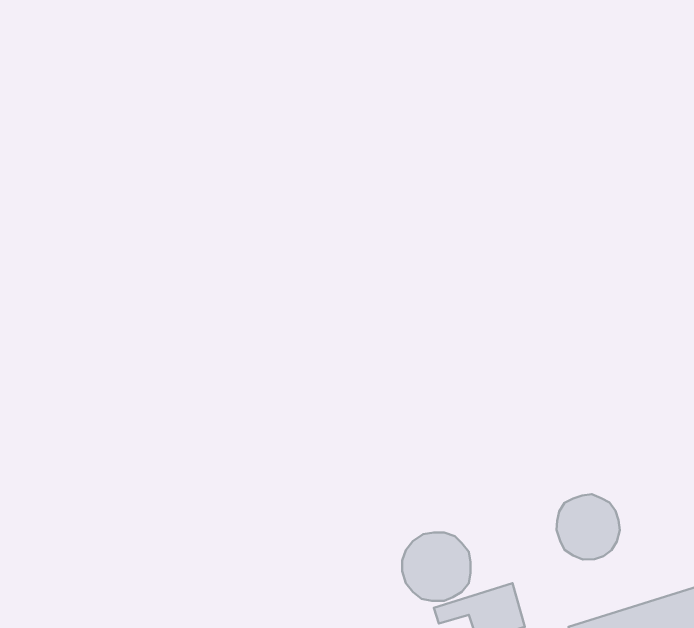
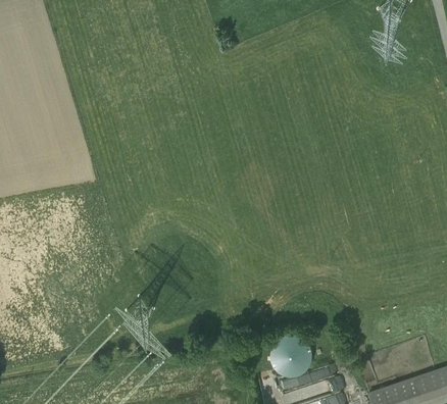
building: [557,494,620,559] -> none

